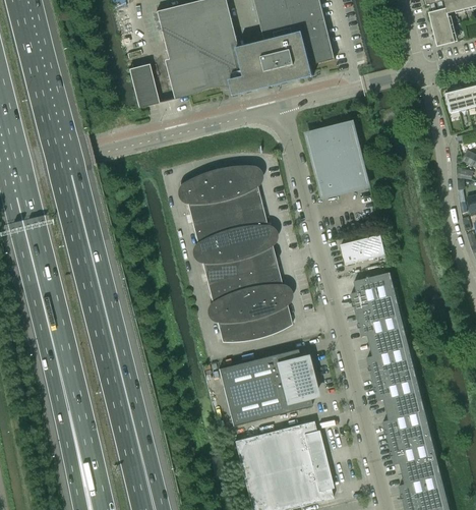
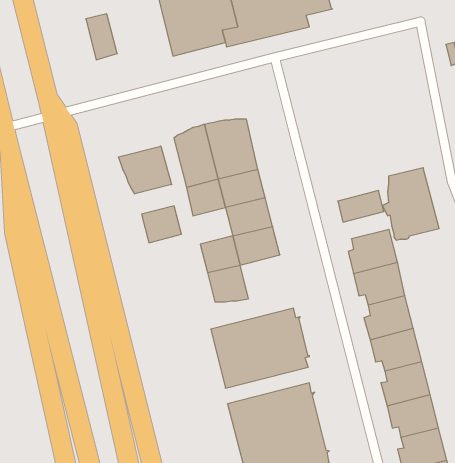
building: [129,63,160,108] -> [86,14,117,60]
building: [311,123,366,193] -> [382,168,439,240]
building: none -> [119,146,172,194]
building: [200,249,239,285] -> [142,206,181,243]
building: [246,295,292,338] -> none

